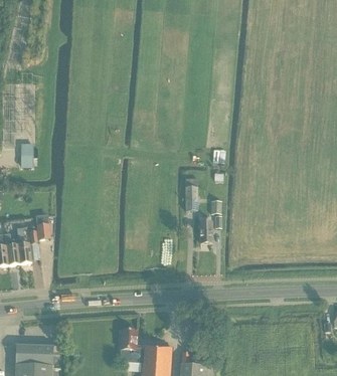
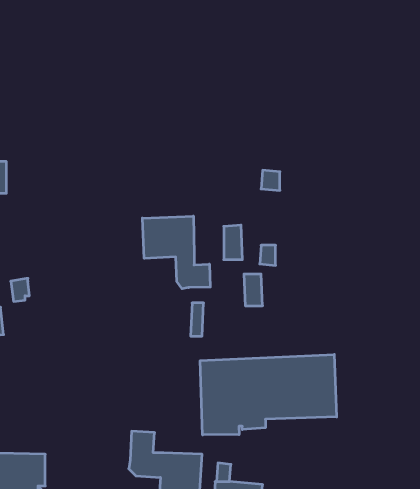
building: none -> [142,216,210,289]
building: none -> [200,354,337,435]

